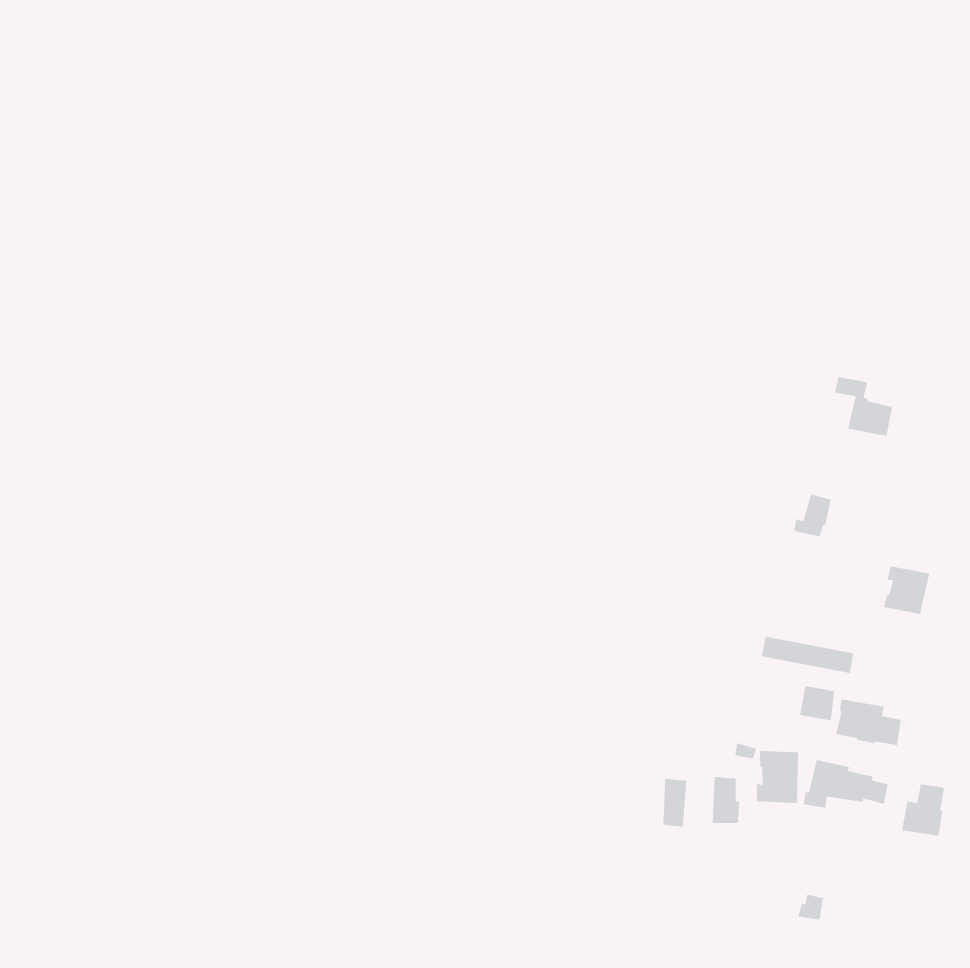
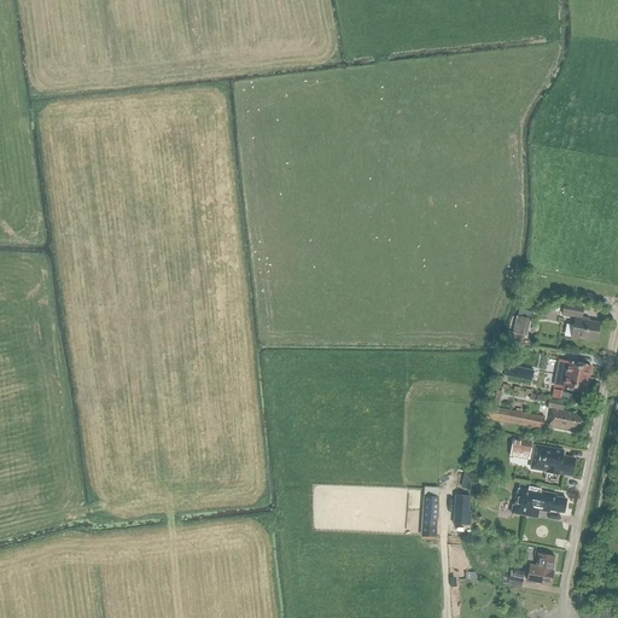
building: [834,376,893,437] -> [562,303,600,342]
building: none -> [547,397,582,430]
building: [756,750,799,804] -> none
building: [901,783,945,837] -> [526,553,554,587]

